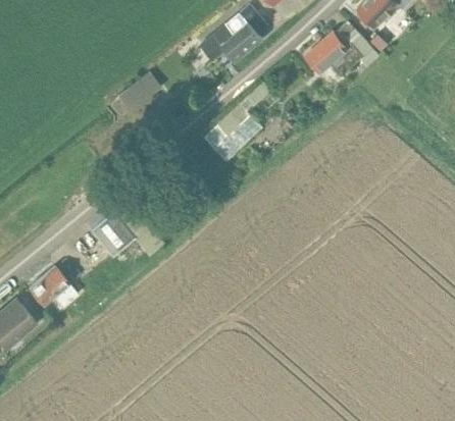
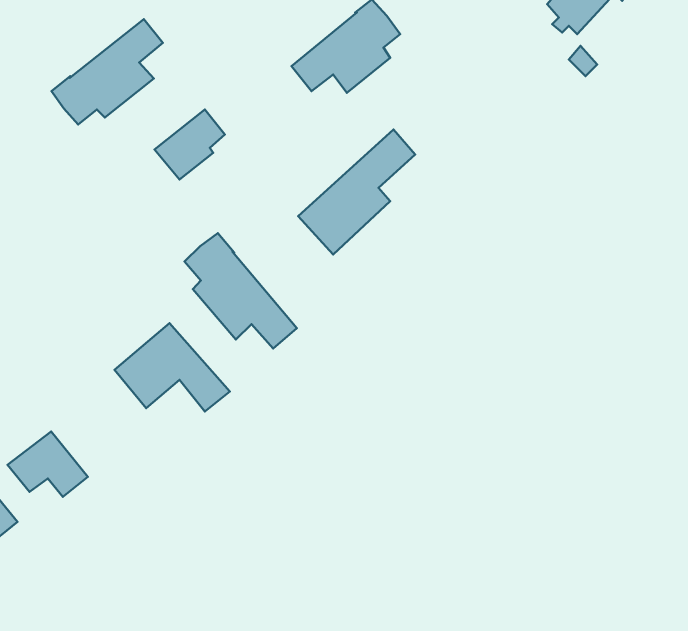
building: none -> [52,19,163,124]
building: [306,21,378,76] -> none
building: none -> [184,233,297,349]

